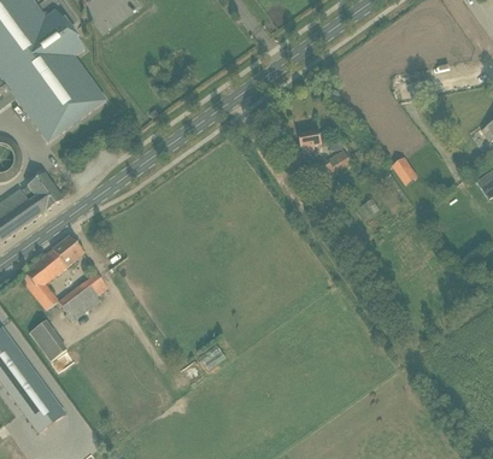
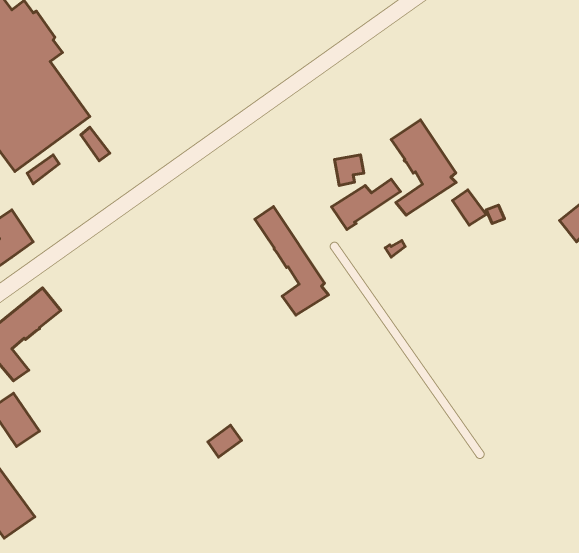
building: none -> [391,120,456,215]
building: none -> [255,207,328,315]
building: [59,271,107,319] -> none

